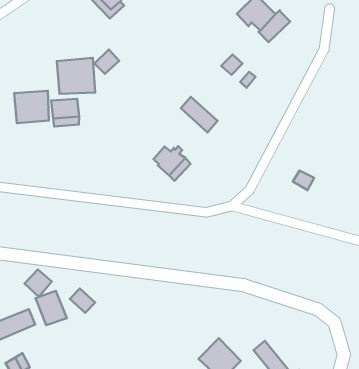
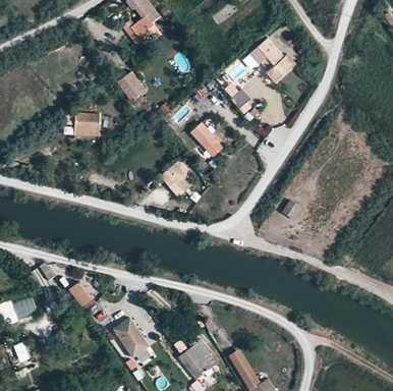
building: [57,58,95,94] -> none
building: [14,91,49,123] -> none
building: [35,291,67,325] -> none
building: none -> [114,318,150,357]

